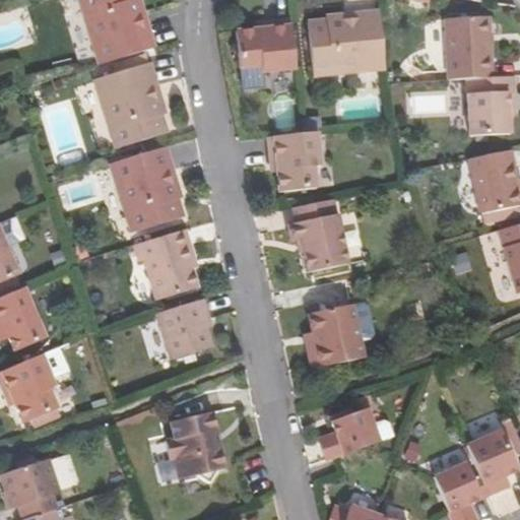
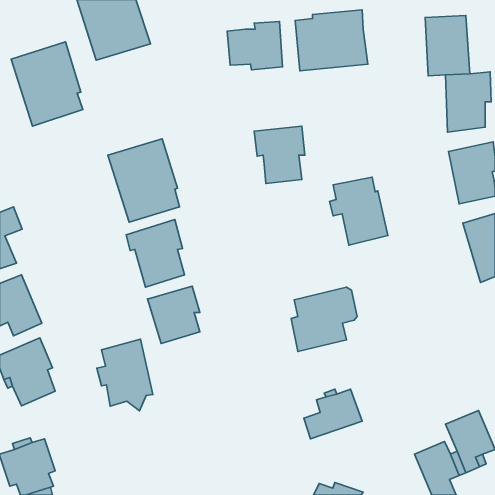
building: [96,62,172,150] -> [11,42,83,126]
building: [285,200,346,271] -> [329,177,388,245]
building: [166,409,224,484] -> [97,339,153,411]

